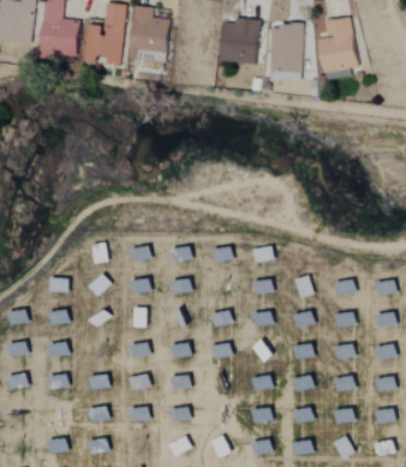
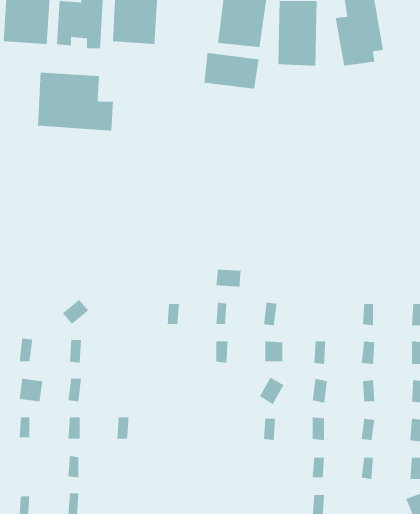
building: none -> [203,52,259,90]
building: none -> [37,72,114,132]

